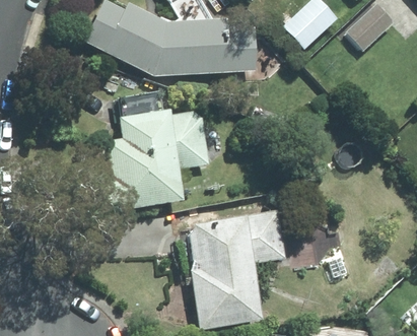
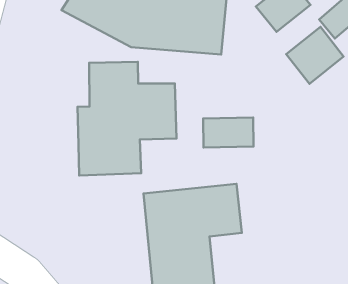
building: none -> [286,27,344,84]
building: none -> [203,117,254,148]

